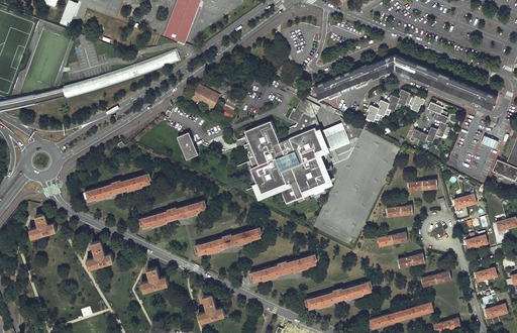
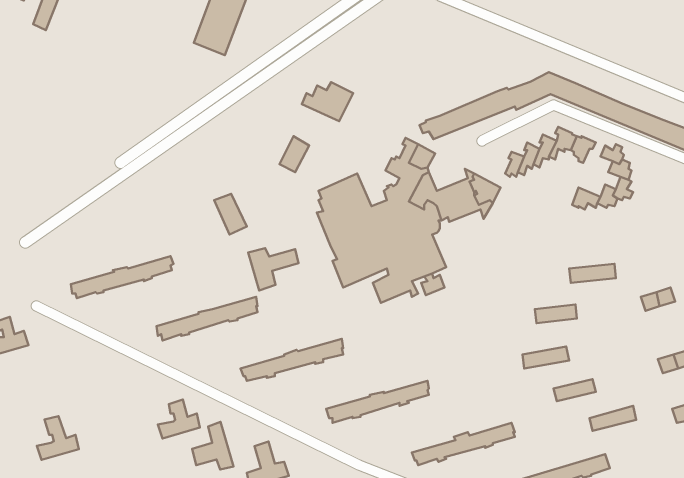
building: [188,84,221,109] -> [302,82,353,121]
building: none -> [248,248,298,290]
building: [86,241,113,269] -> [37,416,79,460]
building: none -> [192,422,234,470]

